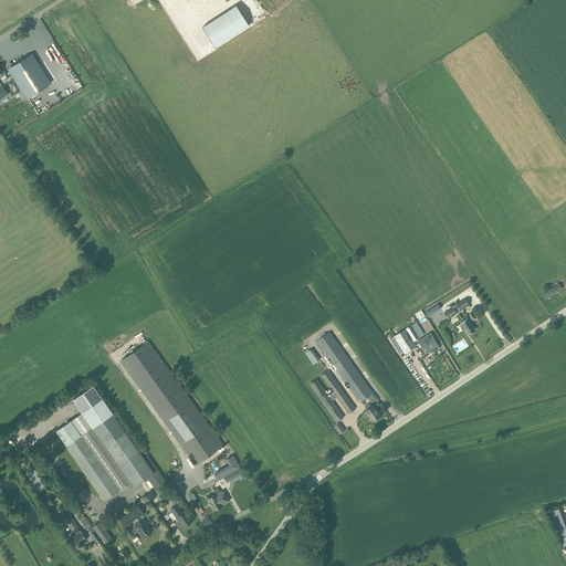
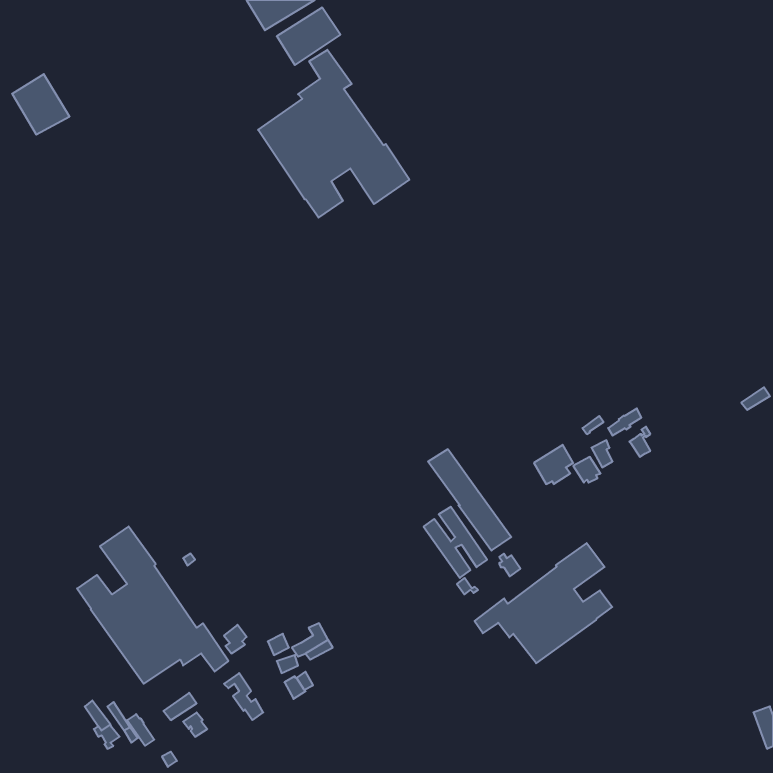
building: none -> [258,50,409,218]
building: [120,340,223,464] -> none
building: none -> [475,543,612,663]

